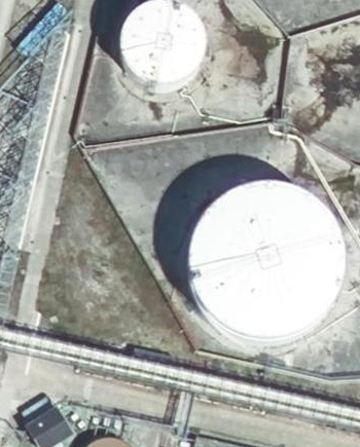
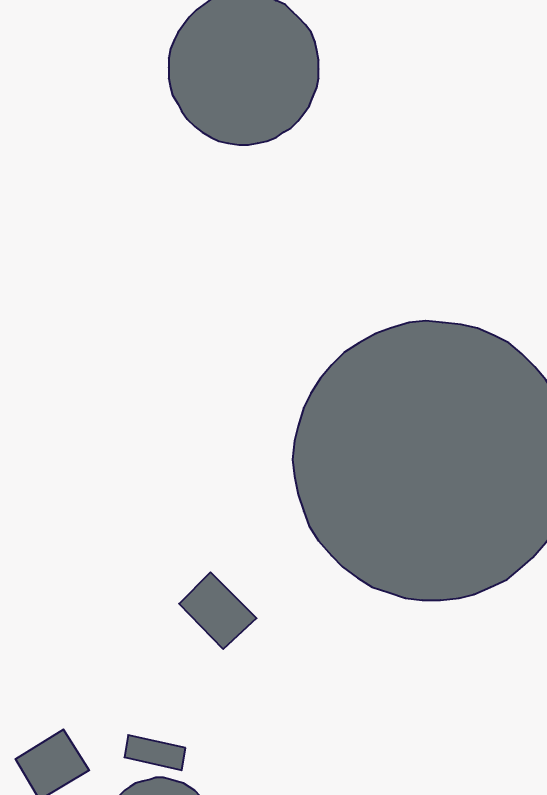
building: none -> [179,572,257,649]

